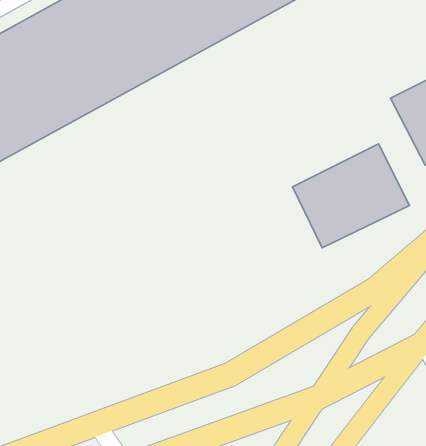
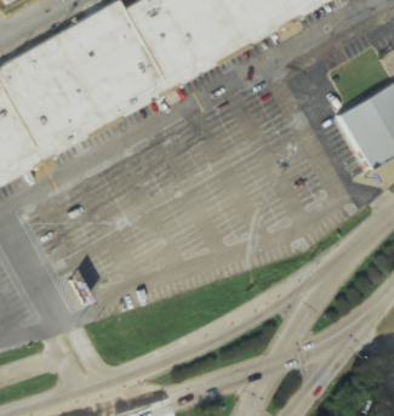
building: [292,144,409,248] -> none

